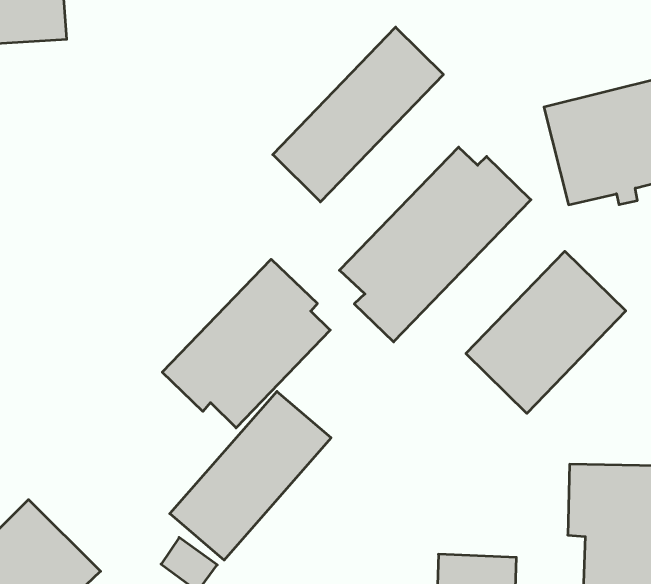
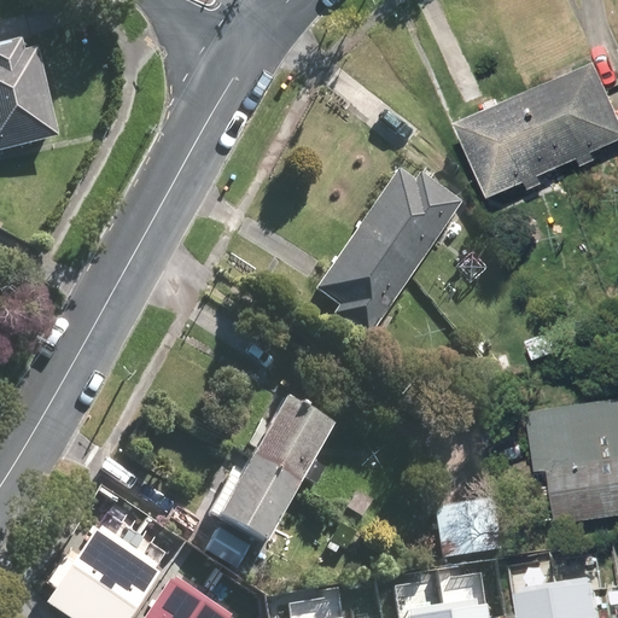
building: [273,27,443,202] -> none
building: [466,251,626,413] -> none
building: [162,259,330,428] -> none

